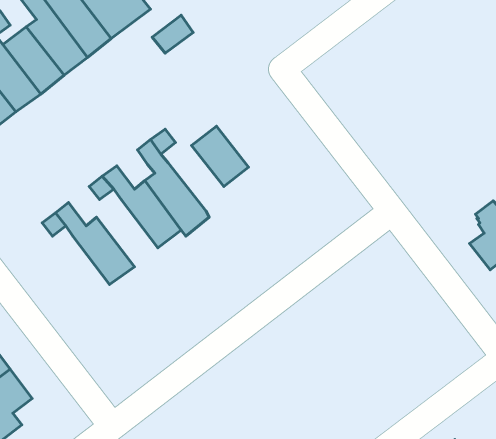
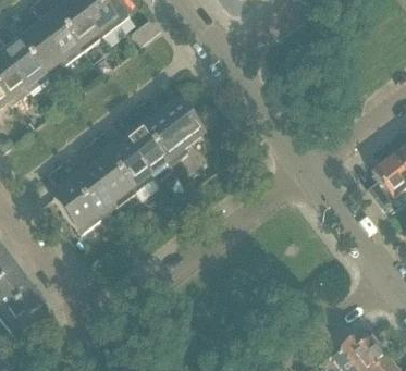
building: none -> [143,115,188,164]
building: none -> [89,156,135,206]
building: none -> [53,183,99,233]

